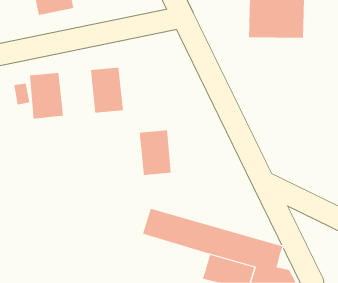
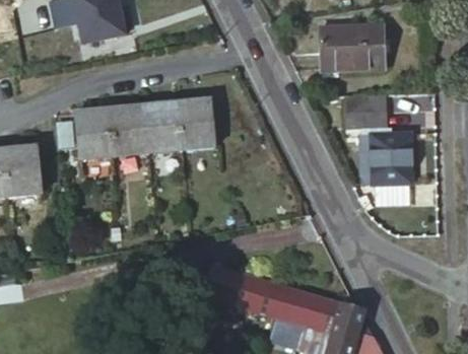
building: none -> [340,92,382,126]
building: none -> [108,104,148,157]
building: none -> [360,132,412,183]
building: [139,130,171,176] -> [177,98,214,151]

